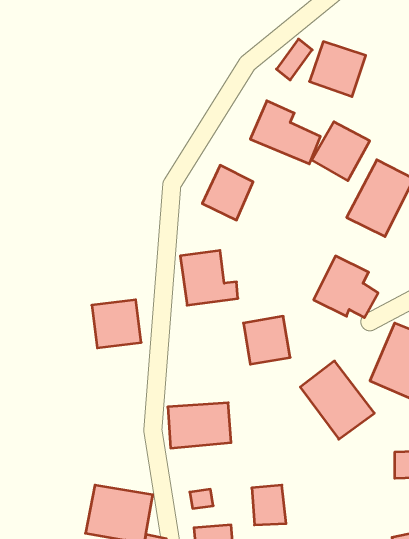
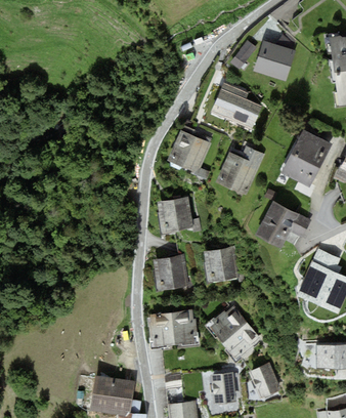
building: [312,122,370,181] -> [218,152,261,196]
building: [92,300,141,348] -> [154,254,190,290]
building: [300,361,374,439] -> [208,304,263,363]
building: none -> [248,364,279,399]

